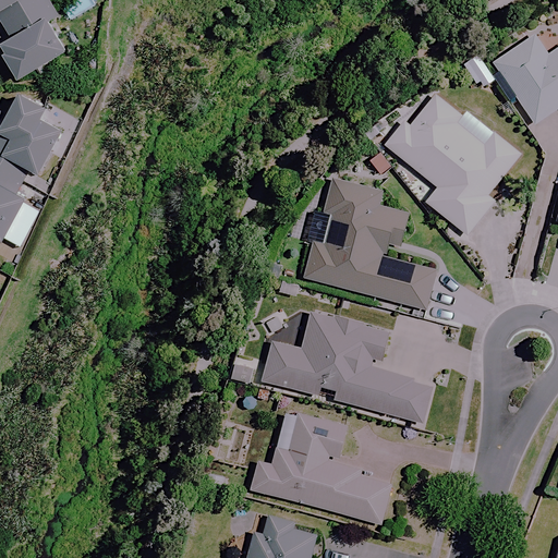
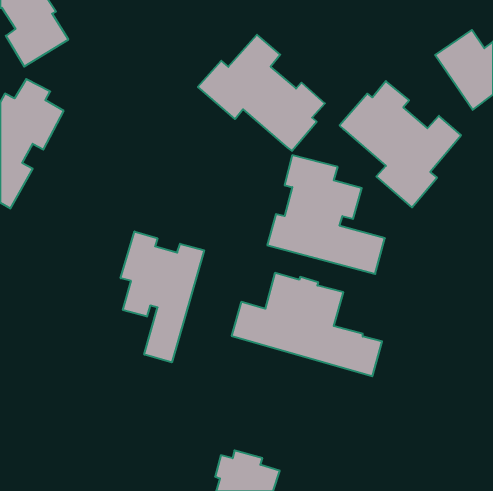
building: none -> [198,35,325,151]
building: none -> [121,231,204,362]
building: [247,412,390,524] -> none

